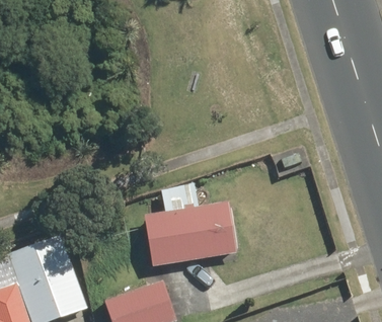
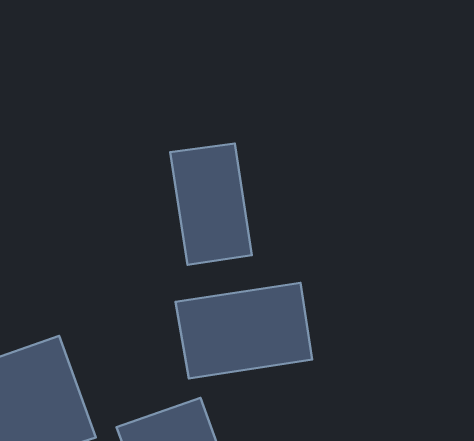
building: none -> [170,144,252,265]

